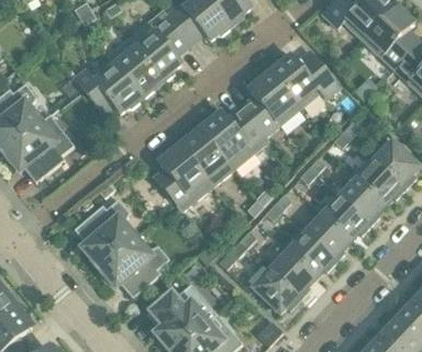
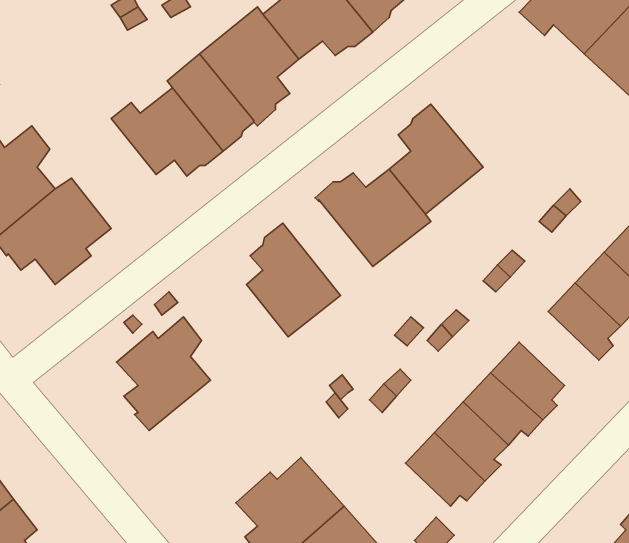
building: [268,53,340,107] -> none
building: [178,127,233,185] -> none
building: [322,195,370,240] -> none
building: [97,237,168,294] -> none

